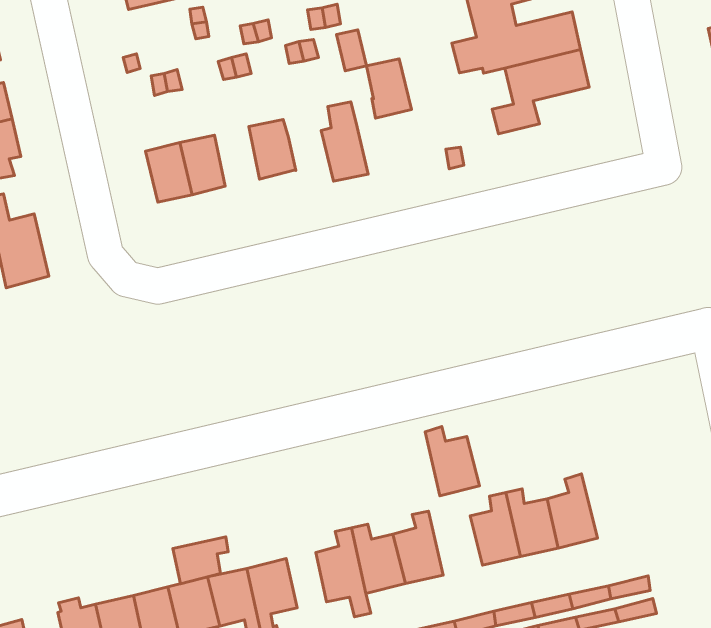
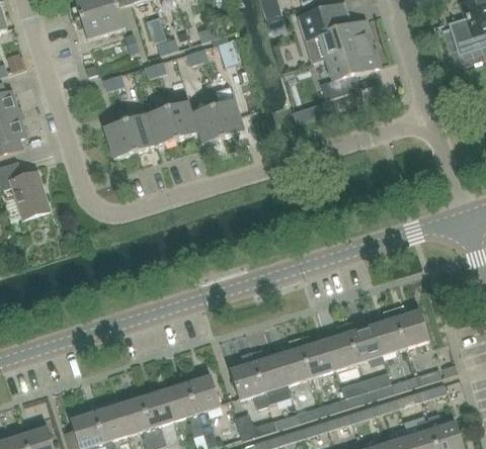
building: [366,59,412,118] -> [193,105,224,144]
building: none -> [147,106,177,145]
building: [425,426,479,496] -> [299,335,335,378]
building: none -> [393,305,429,348]
building: [173,537,228,584] -> none

